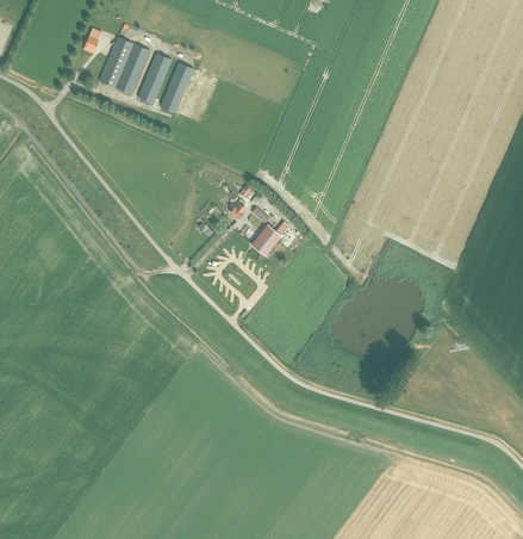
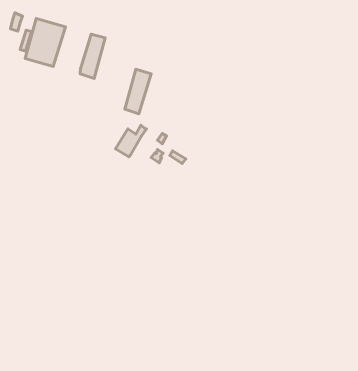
building: [138,52,173,104] -> [125,69,151,114]
building: [251,221,289,255] -> [116,125,147,157]

